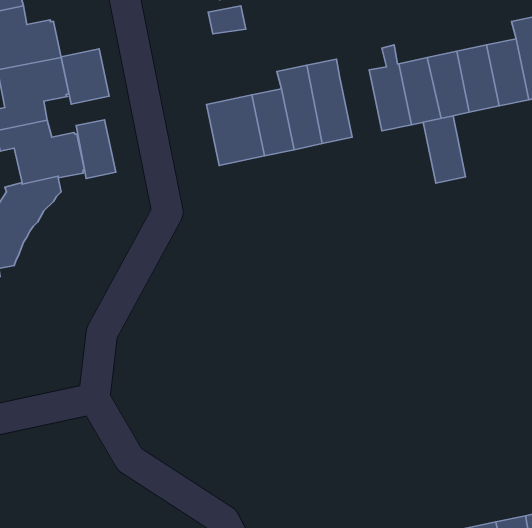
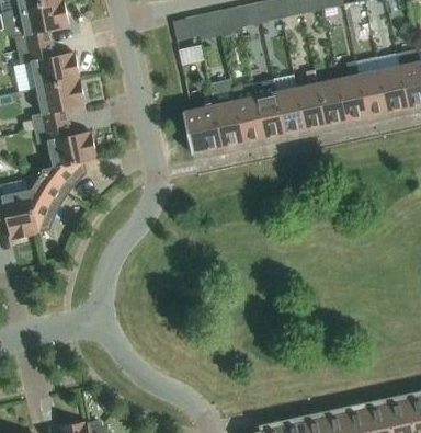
building: [61,49,109,104] -> none
building: [423,116,466,183] -> [275,87,305,134]
building: [76,120,116,179] -> none

